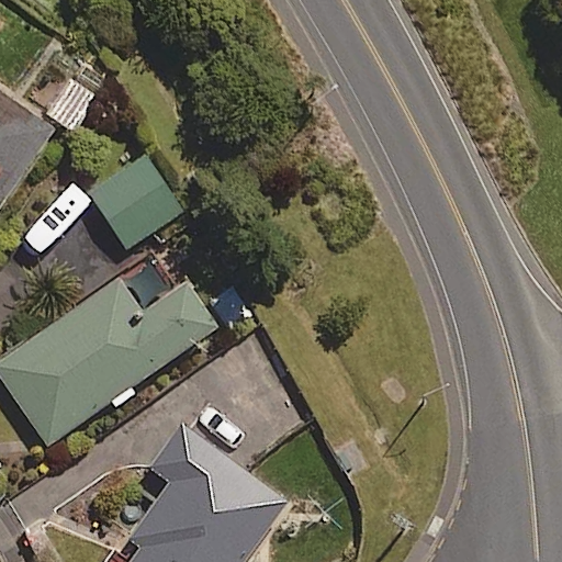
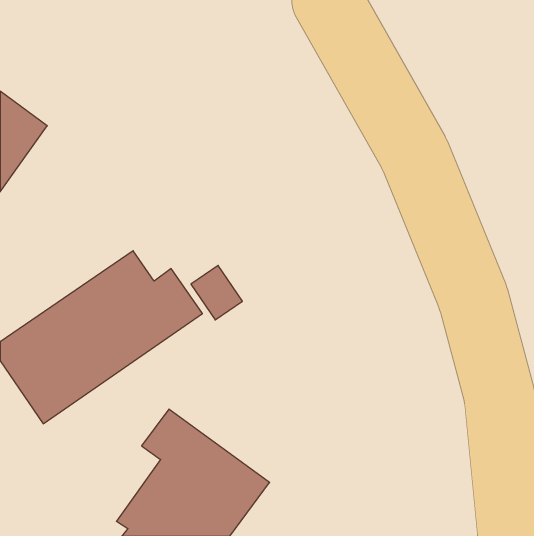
building: [87,153,186,250] -> none

